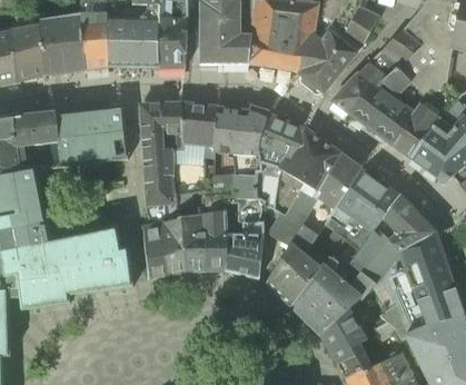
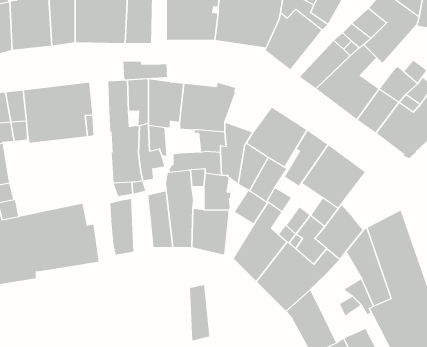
building: none -> [123,61,167,80]
building: [258,113,305,155] -> none
building: [381,195,435,253] -> none
building: [165,218,186,275] -> [189,285,210,341]

